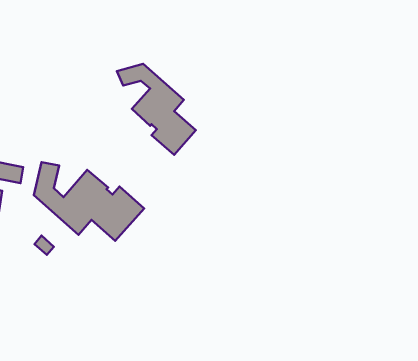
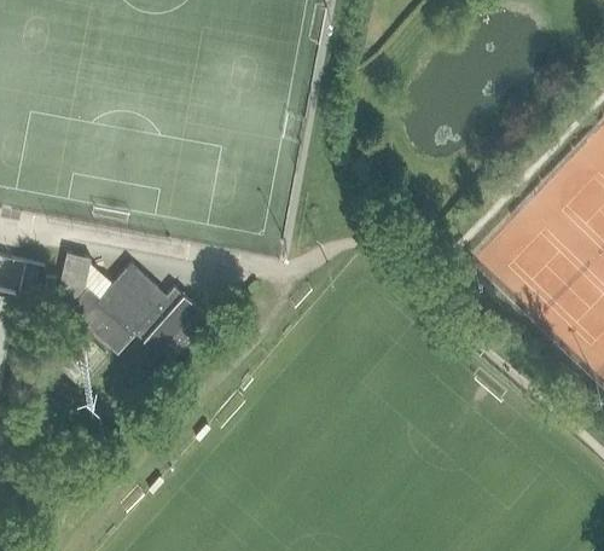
building: [117,64,196,155] -> none

